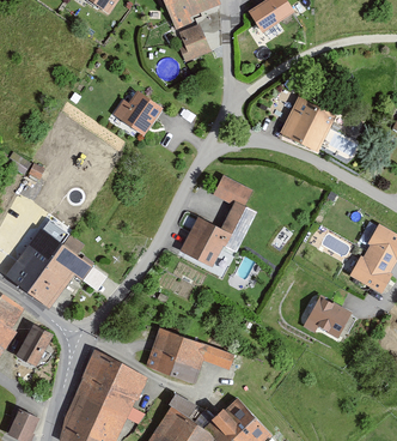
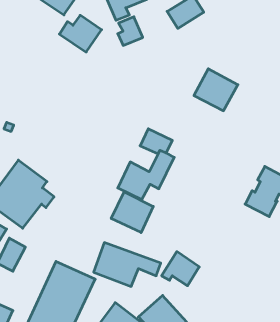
building: [111,87,167,137] -> [59,15,102,52]
building: none -> [111,192,153,233]
building: [299,297,349,343] -> [162,252,199,286]

